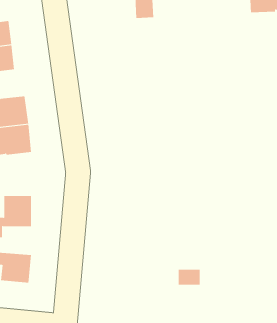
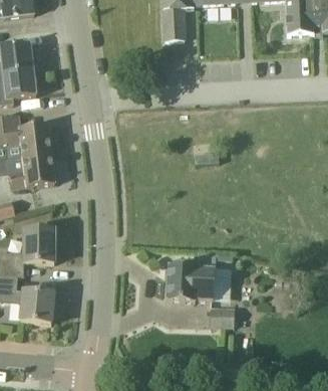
building: none -> [167,263,217,301]

